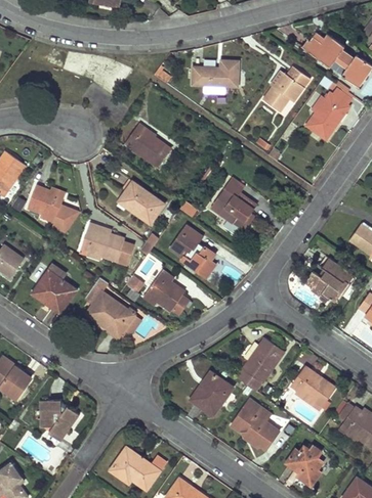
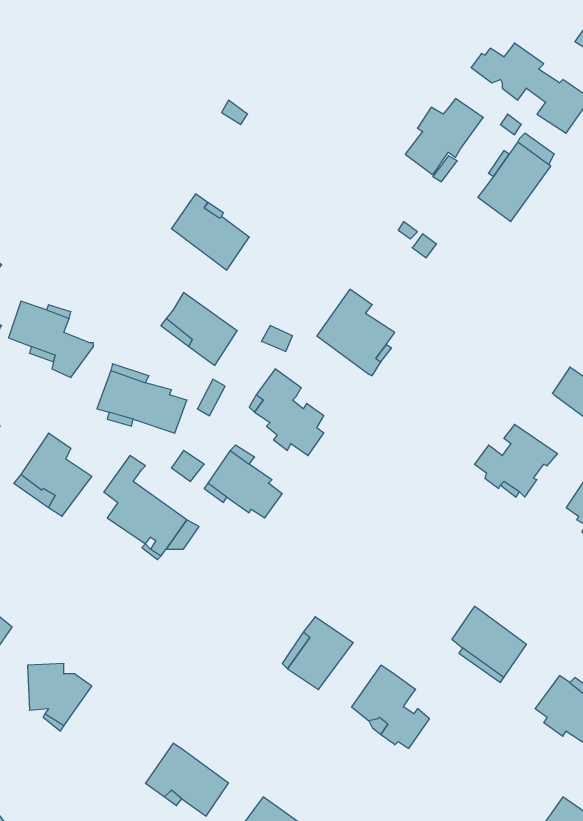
building: [193,60,239,93] -> none
building: [237,338,284,392] -> none
building: [286,447,322,487] -> none

